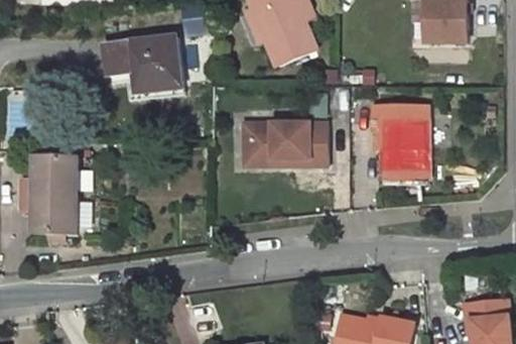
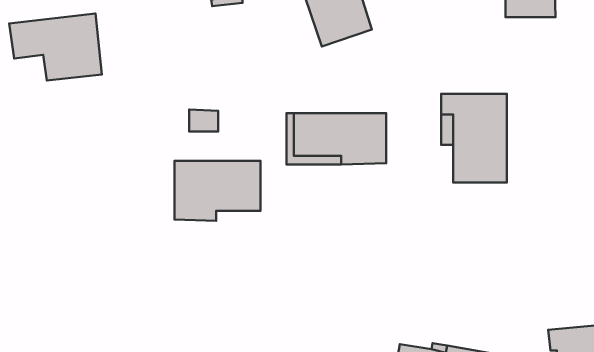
building: [105,36,181,92] -> [9,14,102,81]
building: [35,156,80,233] -> none
building: none -> [174,161,260,221]

